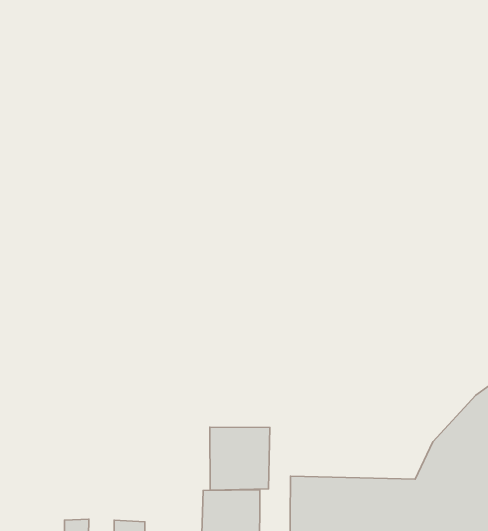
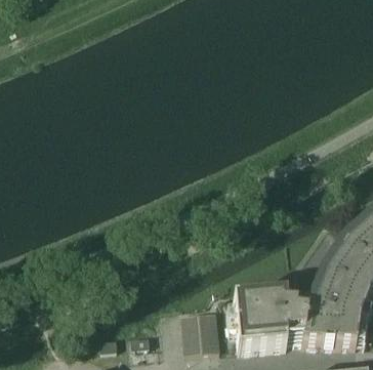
building: [210,427,270,490] -> none

